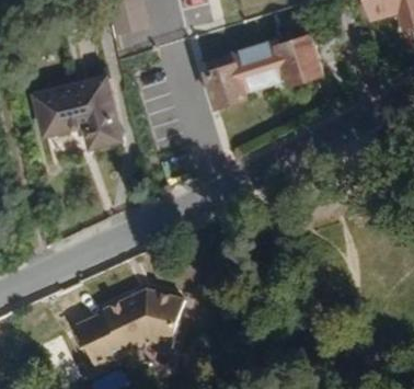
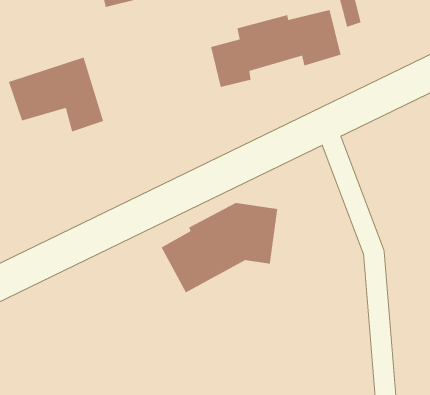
building: [78,288,181,368] -> [161,202,278,293]

